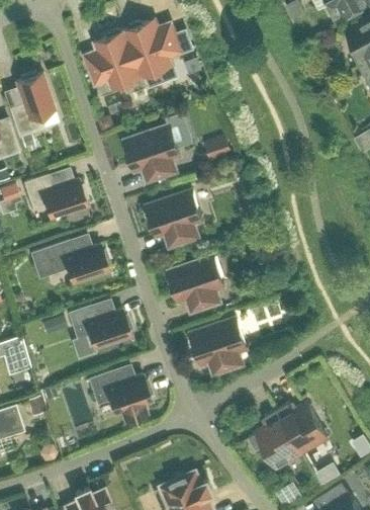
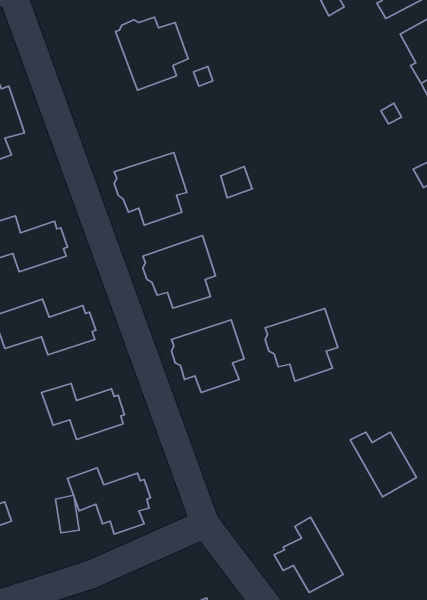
building: [86,30,143,88] -> none
building: [191,319,248,375] -> [265,308,338,381]
building: [277,404,329,454] -> [350,432,416,497]

